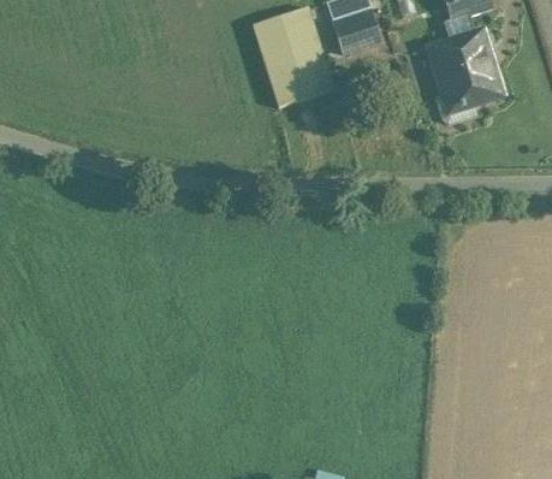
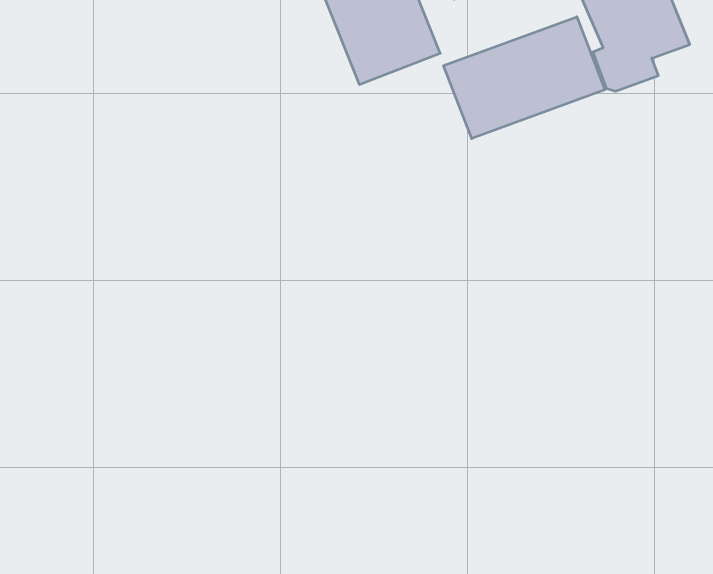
building: none -> [444,17,605,139]

